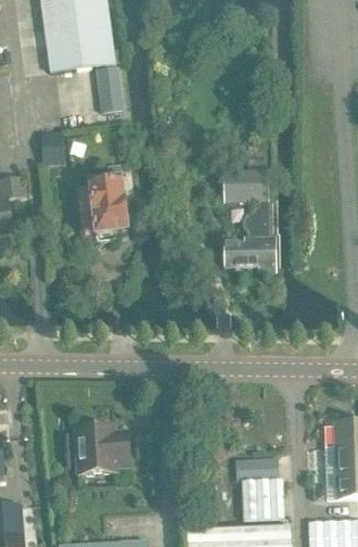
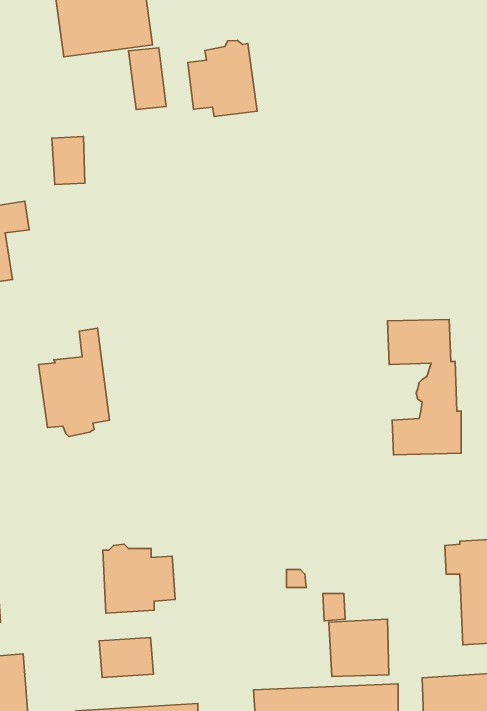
building: none -> [188,41,257,117]
building: [78,166,129,244] -> [39,328,109,437]
building: [222,171,276,269] -> [388,319,461,455]
building: none -> [99,638,154,677]

